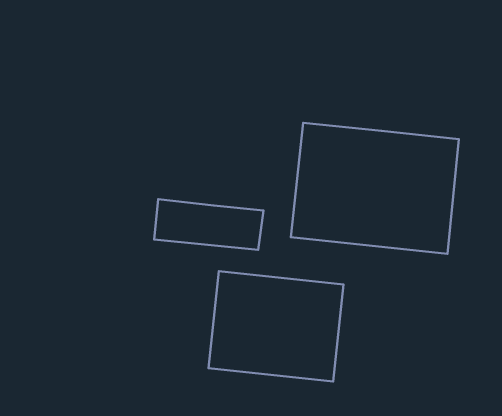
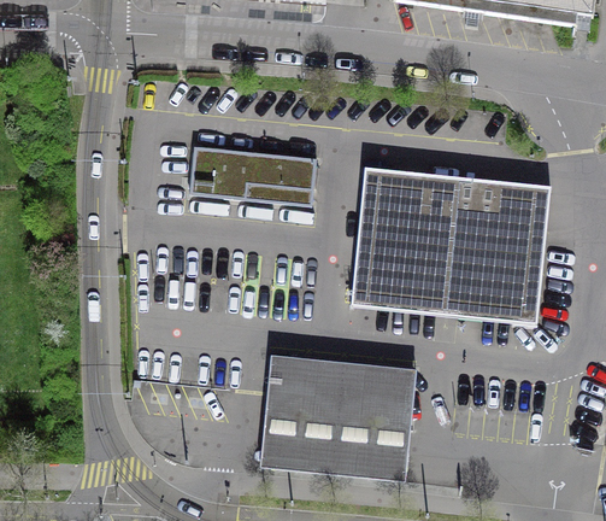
building: [154,199,263,250] -> [184,139,312,198]

